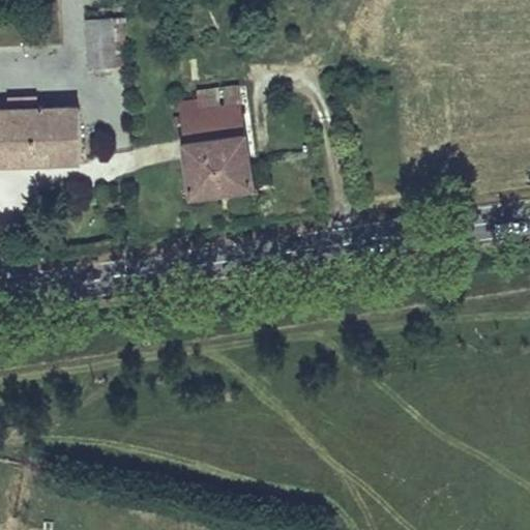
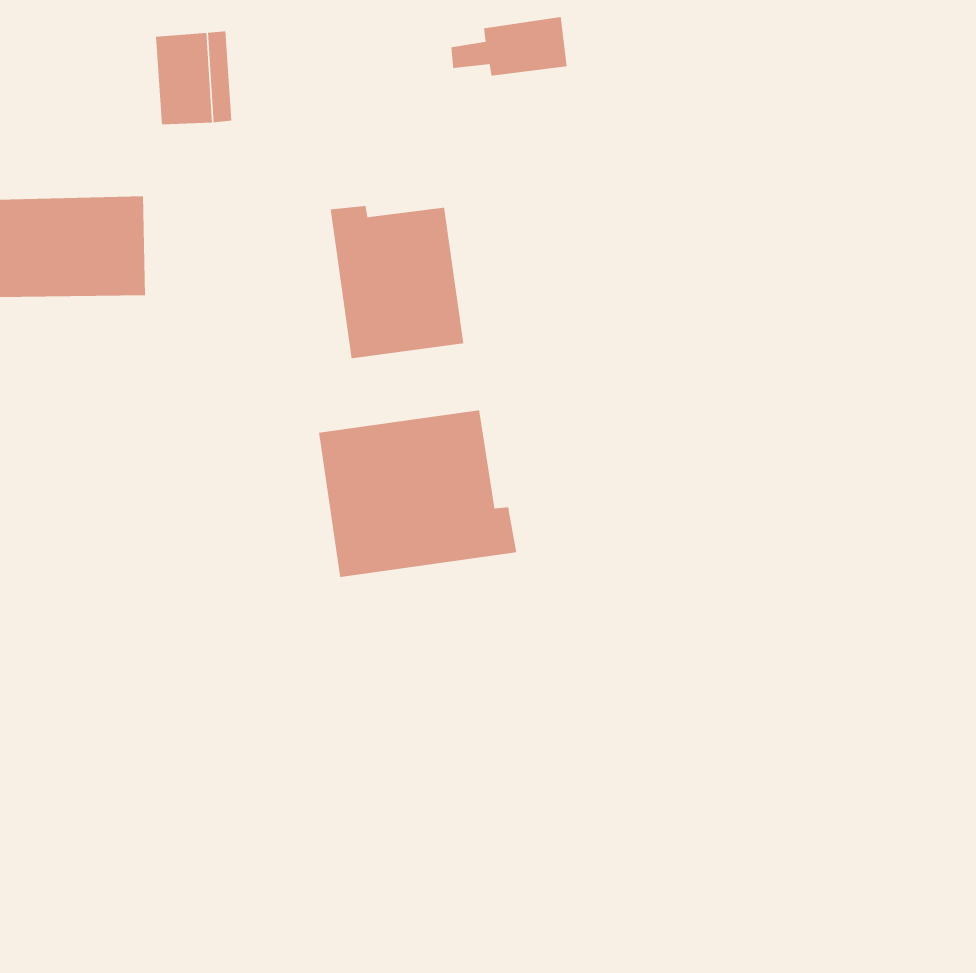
building: [177,89,240,121] -> [450,17,567,76]
building: none -> [319,410,517,578]

